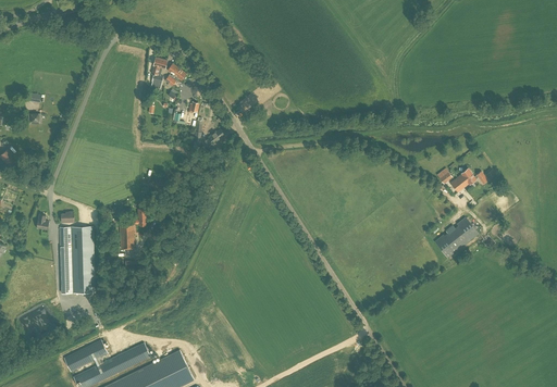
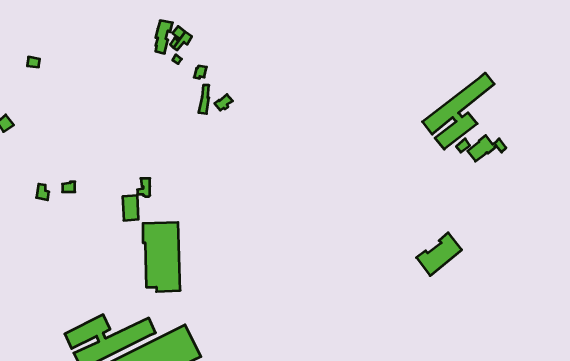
building: none -> [422,73,494,149]
building: [434,216,478,258] -> [416,233,462,276]
building: [59,227,95,294] -> [143,222,180,292]

